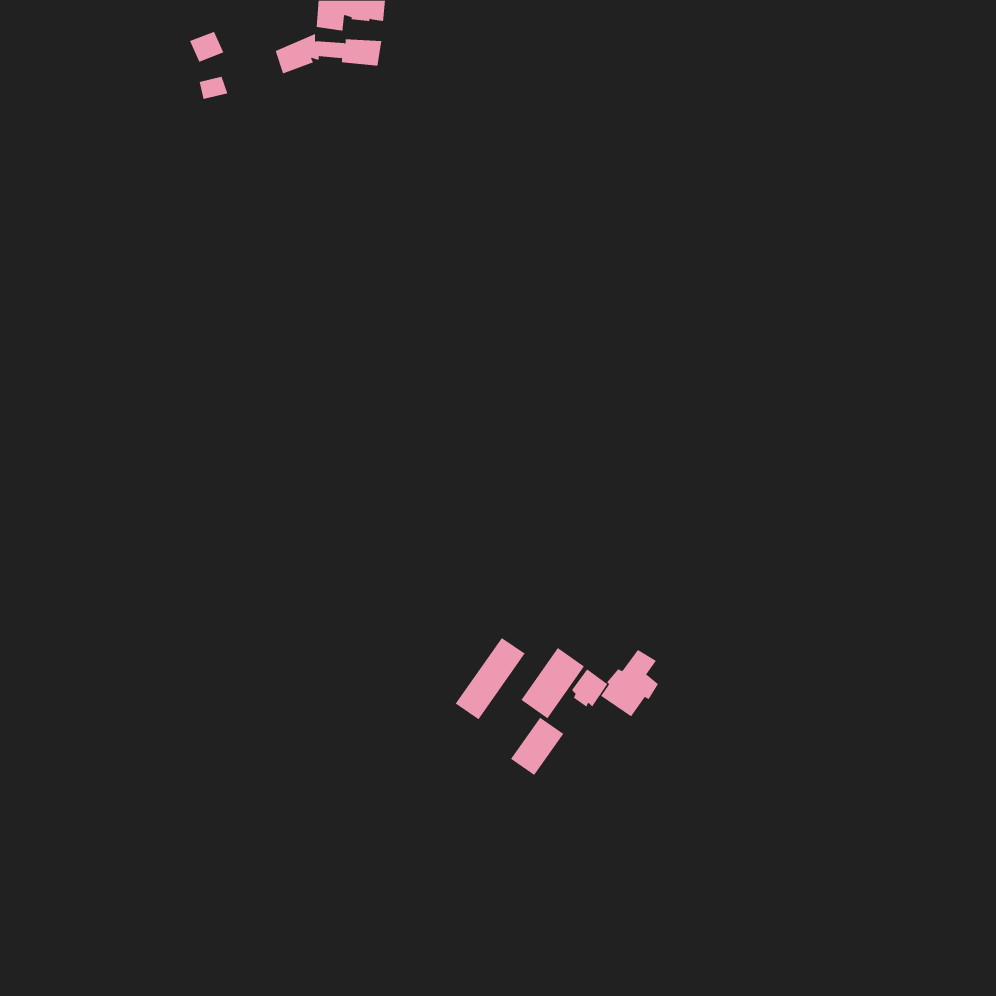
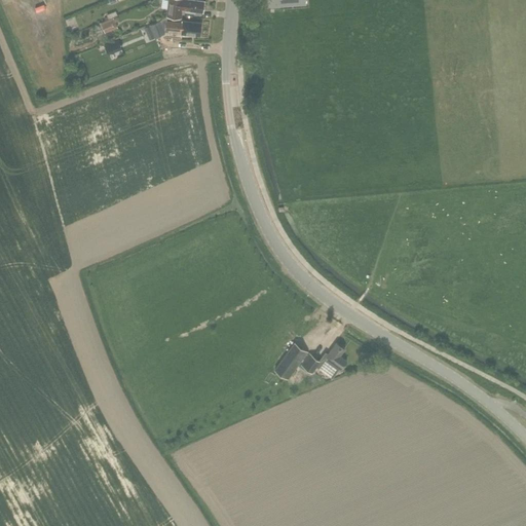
building: [455,637,526,720] -> none
building: [510,717,564,776] -> none

